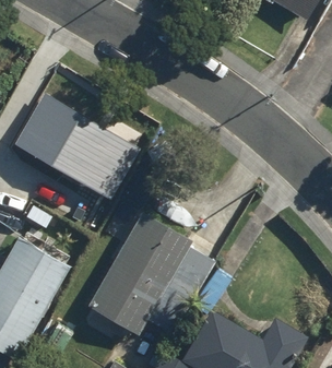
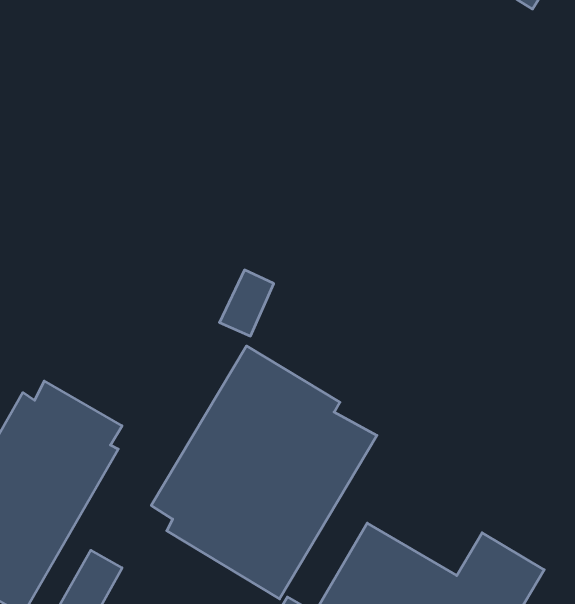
building: [12,99,126,205] -> none

